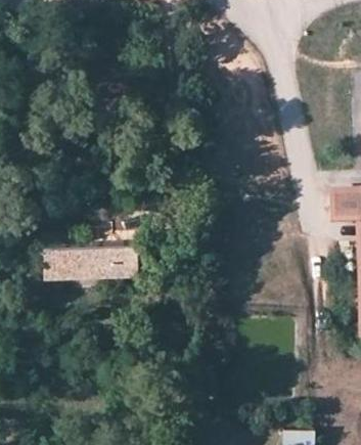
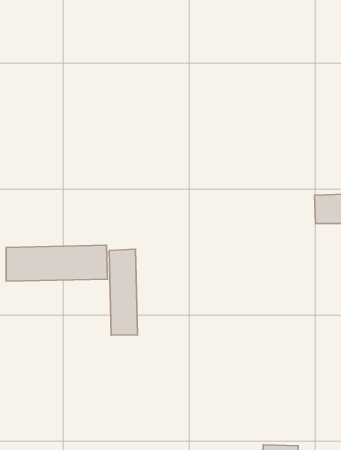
building: none -> [109,249,137,335]

